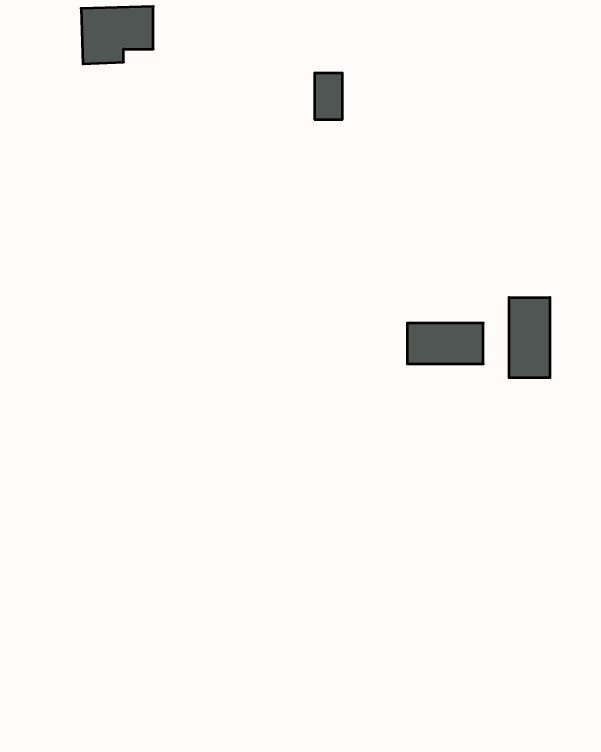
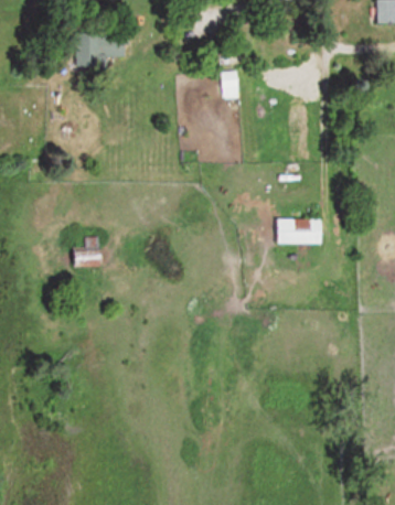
building: [509,297,550,378] -> none
building: none -> [74,236,102,268]

